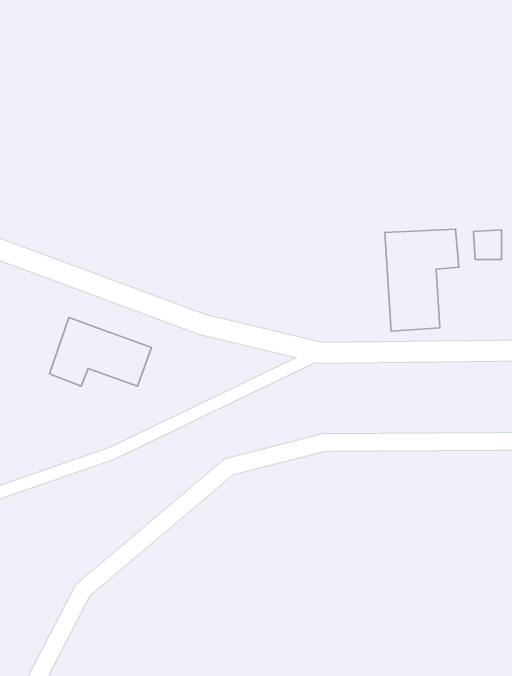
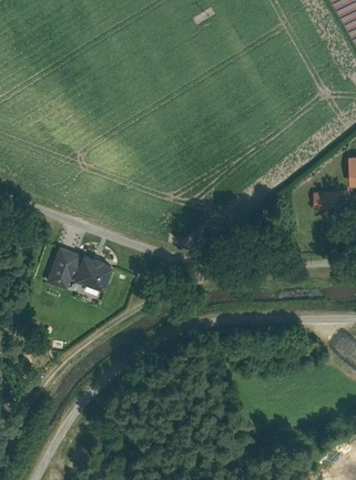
building: [385,229,459,331] -> none

